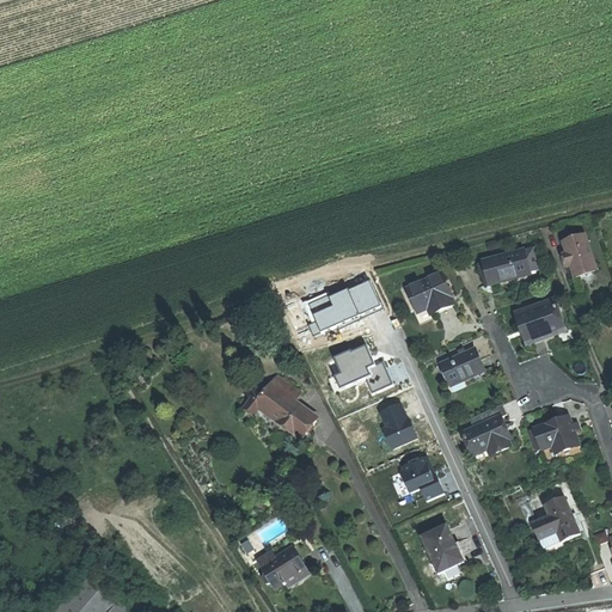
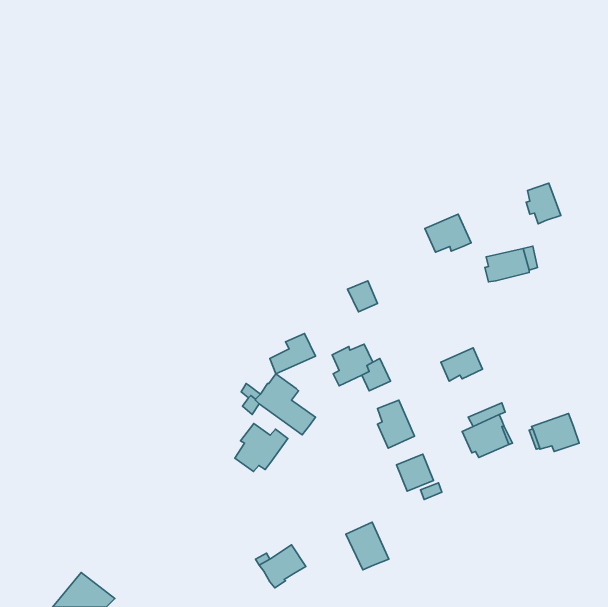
building: [562,234,596,275] -> [526,183,561,224]
building: [406,271,453,310] -> [425,214,471,252]
building: [313,289,359,330] -> [270,333,315,374]
building: [516,298,565,341] -> none
building: none -> [235,424,288,472]
building: [531,496,580,555] -> none
building: [421,524,464,571] -> [346,522,389,570]

